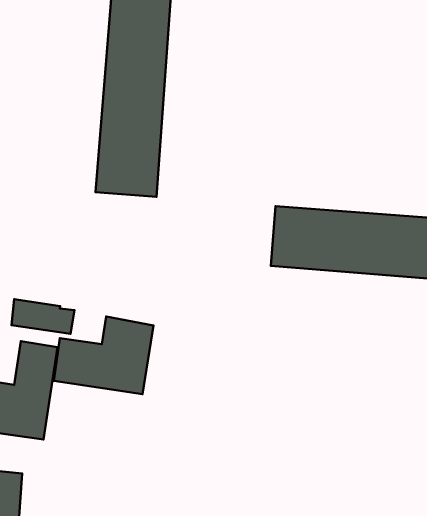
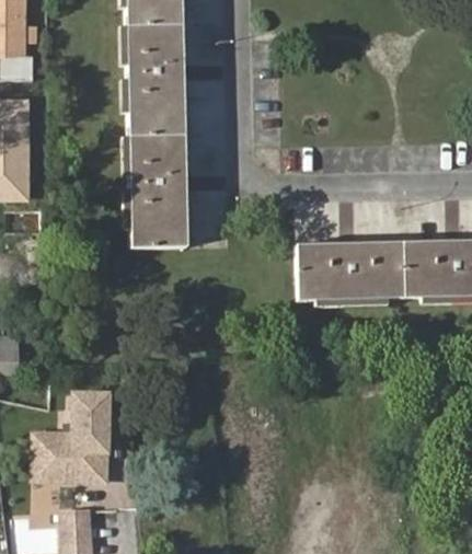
building: [11,299,75,334] -> none
building: [54,317,154,394] -> none

